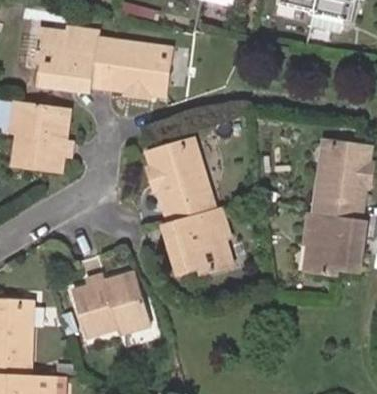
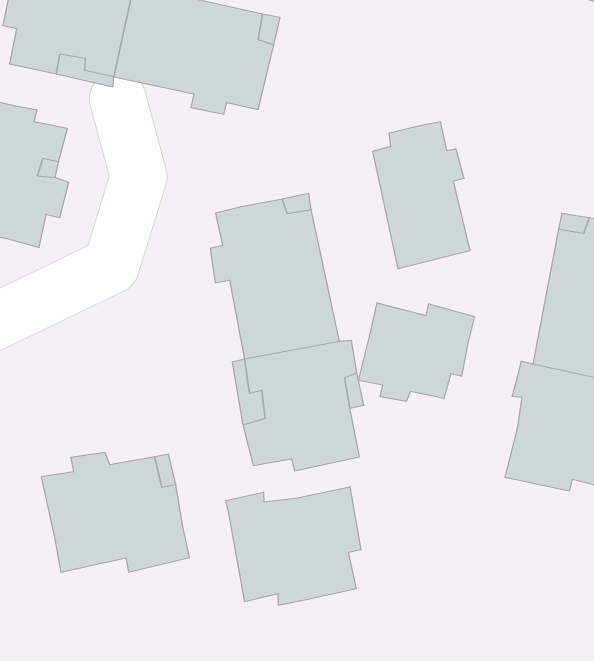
building: none -> [373,122,470,269]
building: none -> [358,303,475,401]
building: none -> [226,487,361,605]

